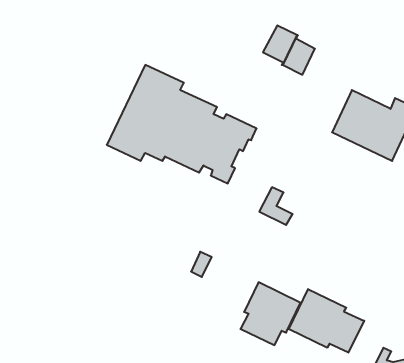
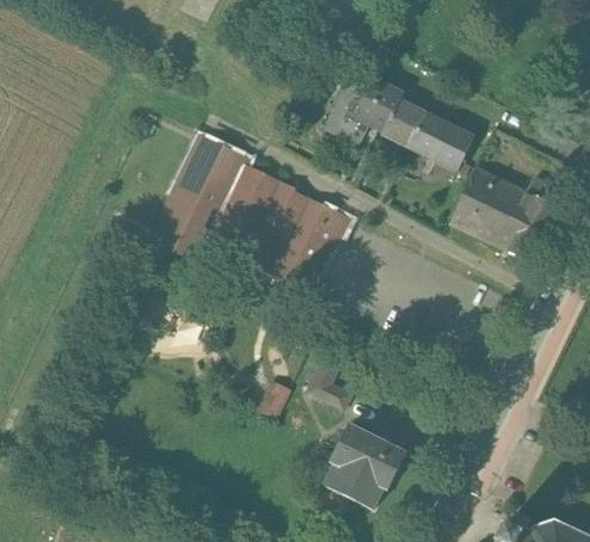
building: none -> [408,111,473,170]
building: [259,187,293,225] -> [306,357,350,407]
building: [289,289,364,353] -> none

